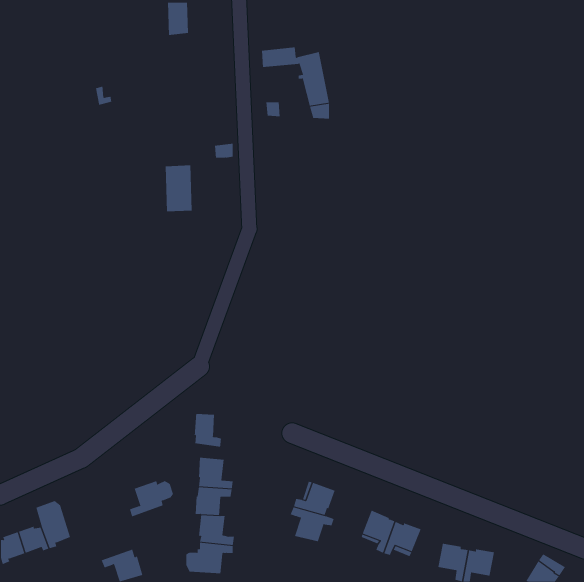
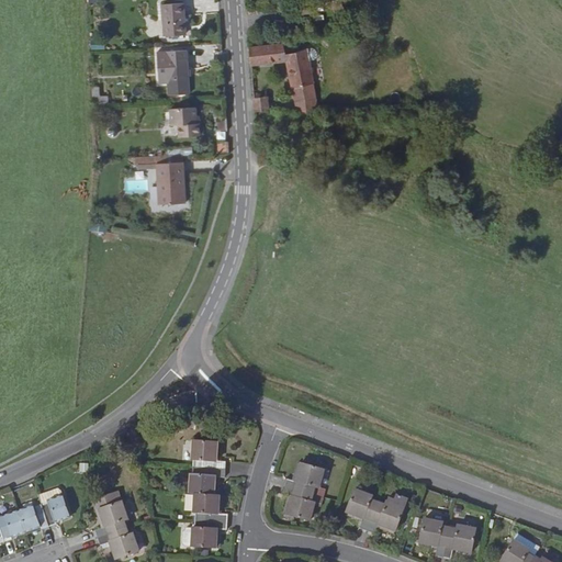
building: none -> [167,48,188,91]
building: none -> [167,105,195,134]
building: [194,413,221,448] -> none
building: [129,480,174,517] -> [95,502,138,537]

